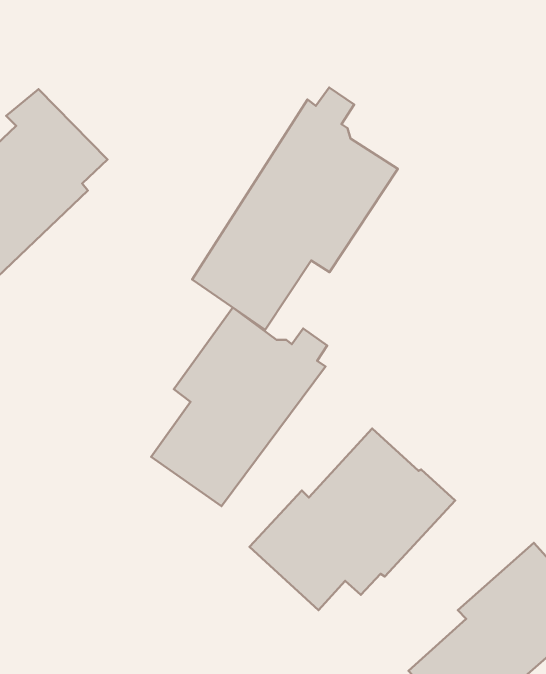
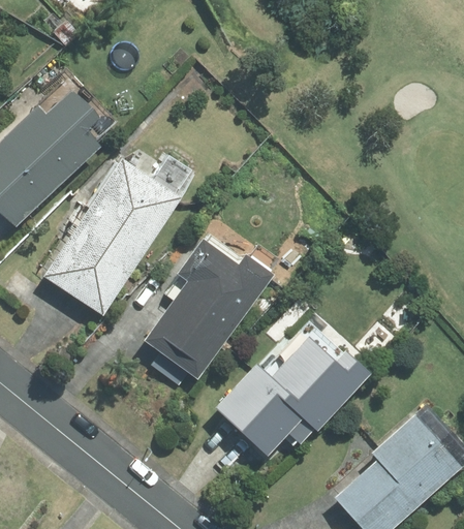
building: [192,88,398,330] -> none
building: none -> [43,156,194,316]

